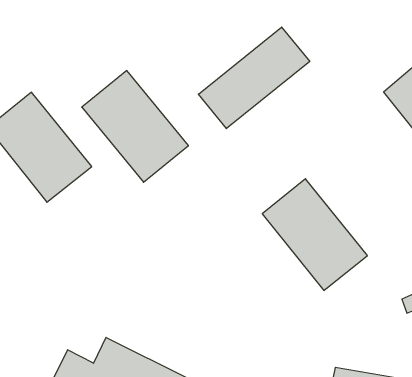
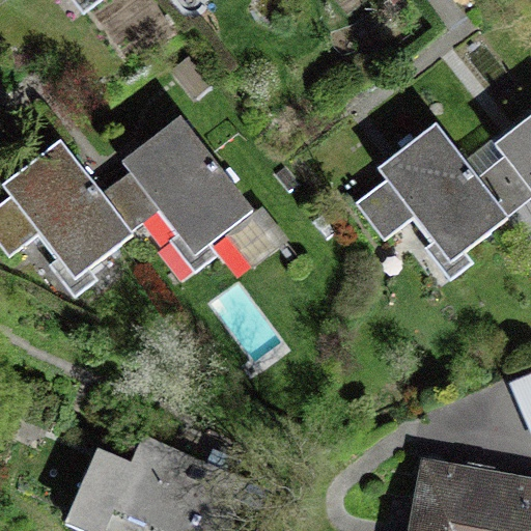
building: [198,27,310,129] -> none
building: [262,179,367,290] -> [376,128,507,267]

